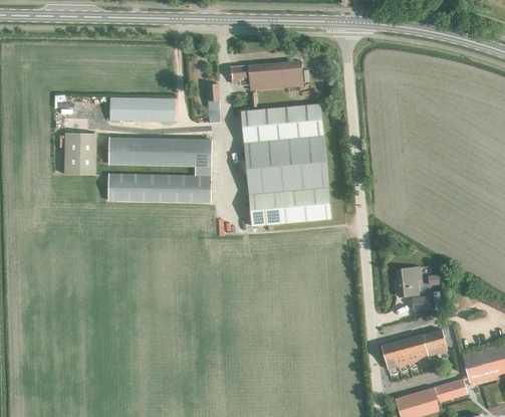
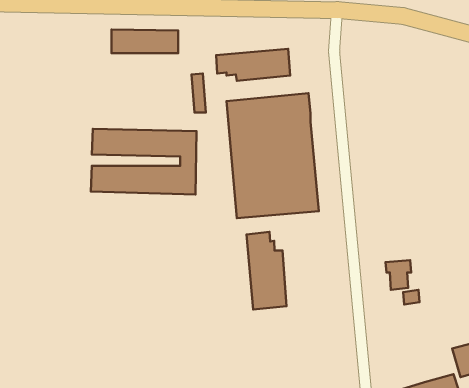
building: [109,97,175,121] -> [111,29,178,53]
building: [63,132,95,174] -> none
building: none -> [247,232,287,309]
building: [381,328,448,369] -> none

